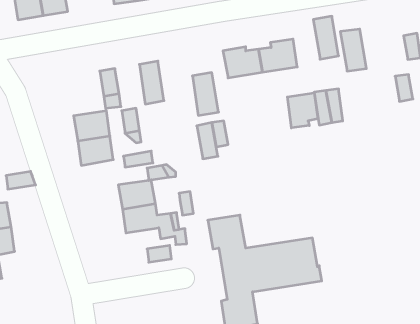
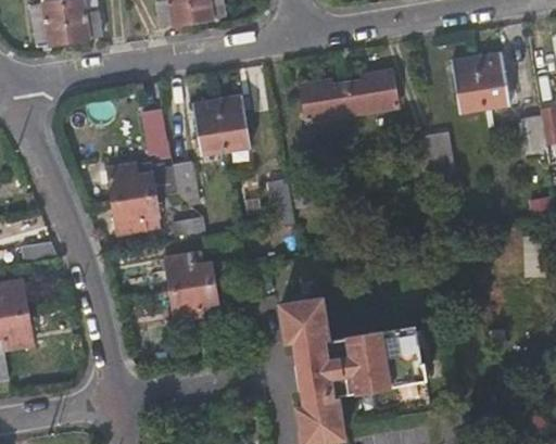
building: [313,16,339,59] -> [476,53,508,109]
building: [192,73,219,115] -> [216,94,250,150]
building: [287,93,318,128] -> none

